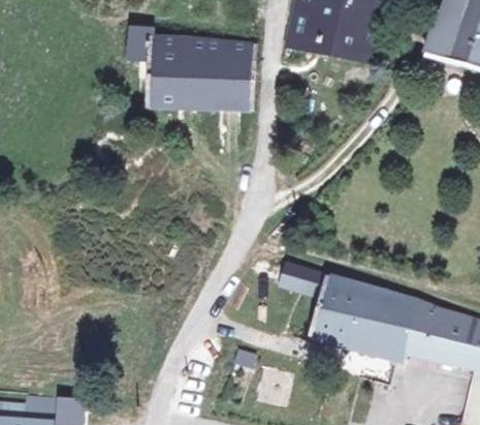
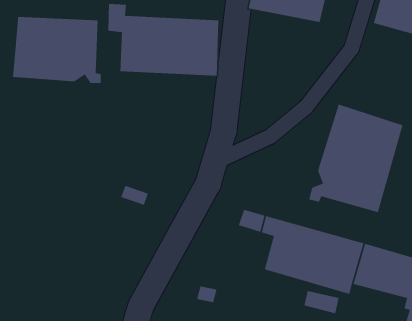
building: none -> [12,16,102,84]
building: none -> [308,103,404,213]

